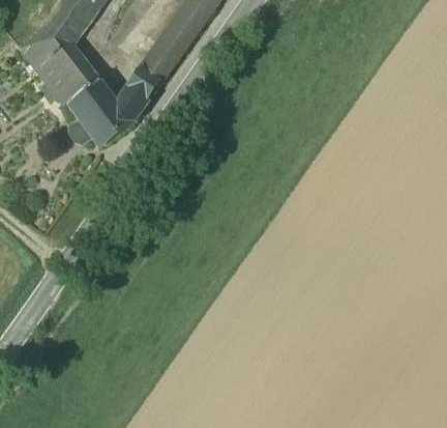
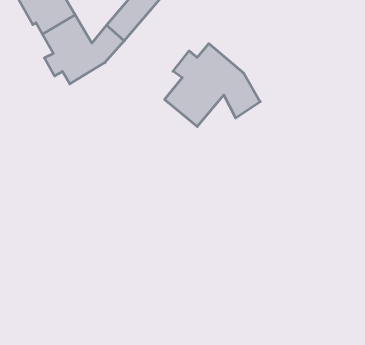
building: none -> [165,44,260,127]

